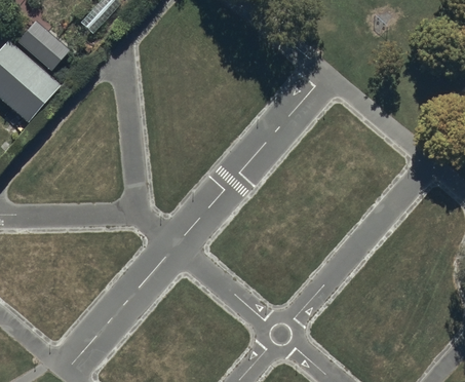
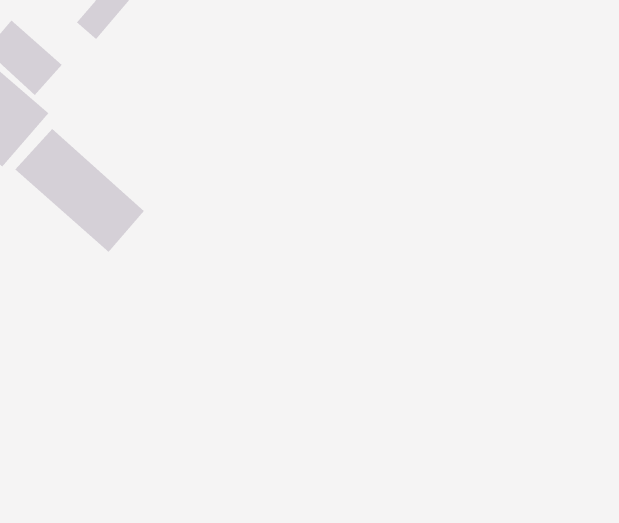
building: none -> [14,128,145,253]

